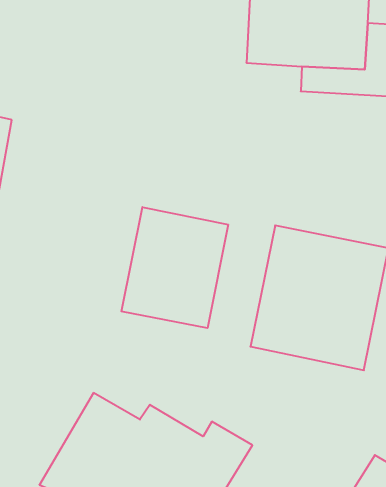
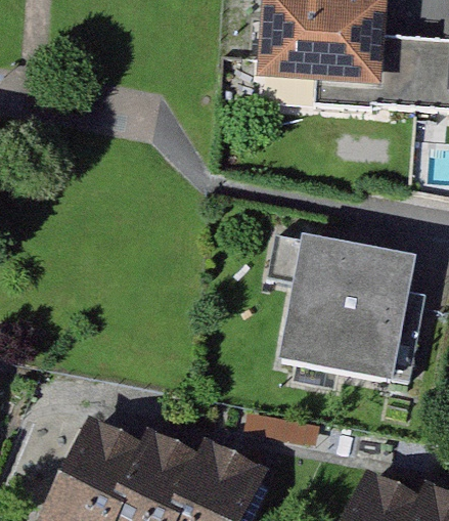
building: [121,207,228,328] -> none

